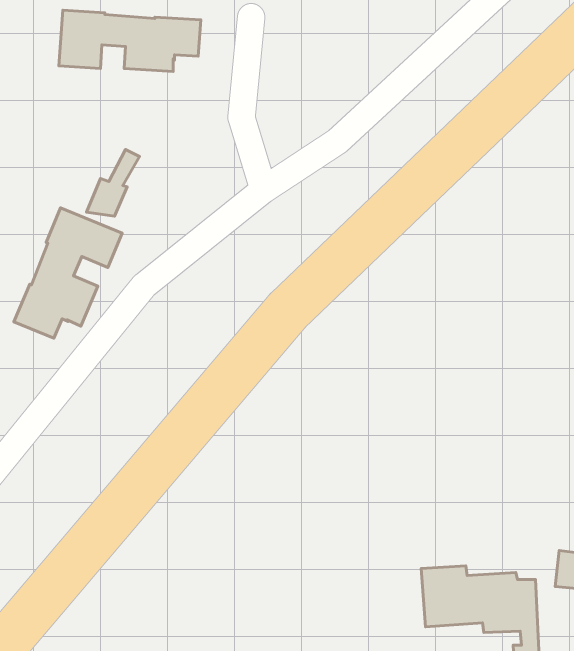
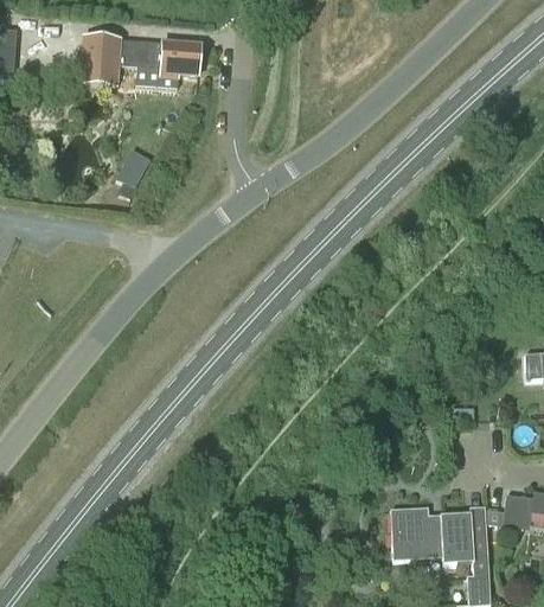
building: [14,208,122,338] -> none

